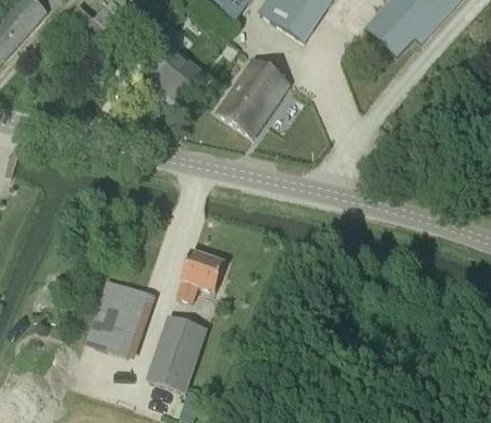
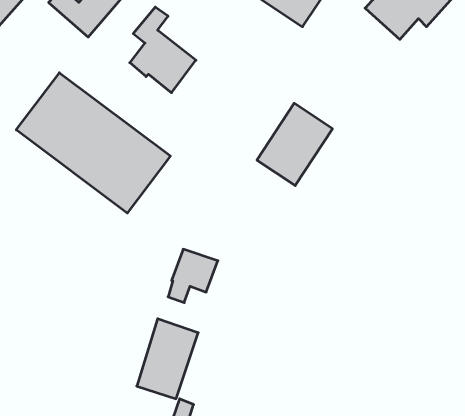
building: [217,59,287,136] -> [257,103,332,186]
building: none -> [16,73,170,213]
building: [87,276,152,353] -> none

